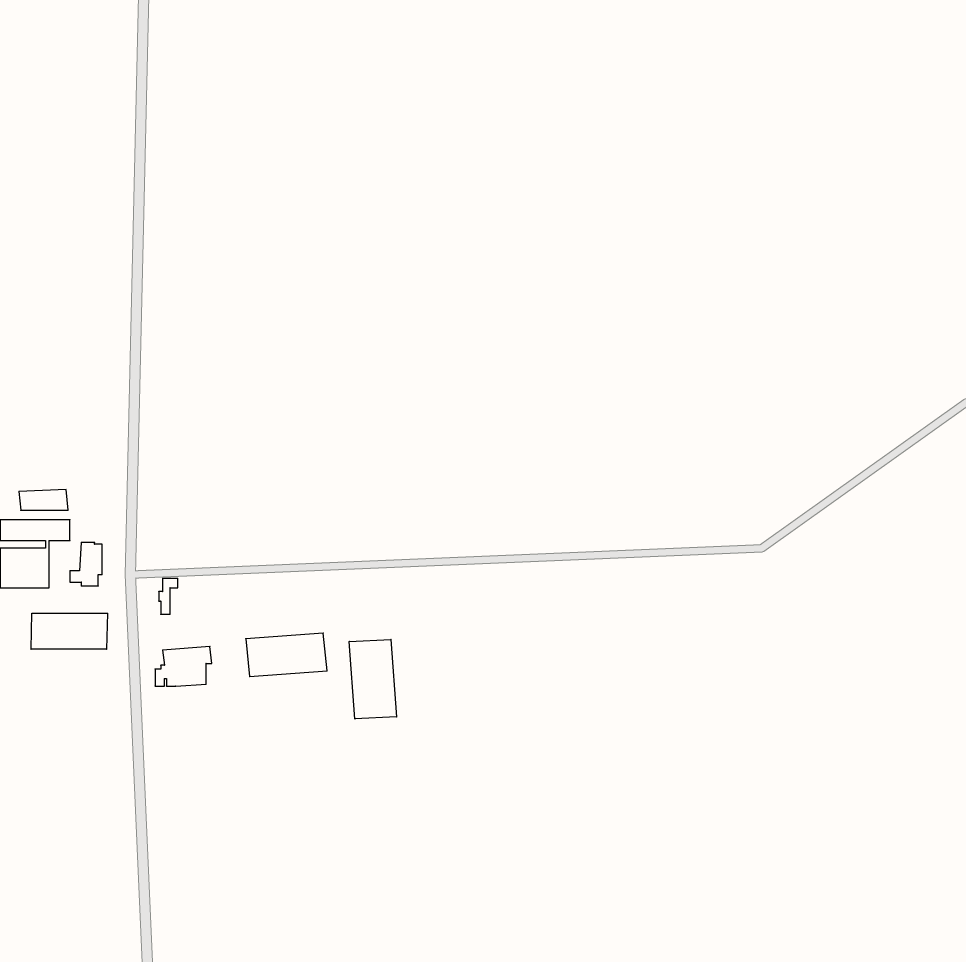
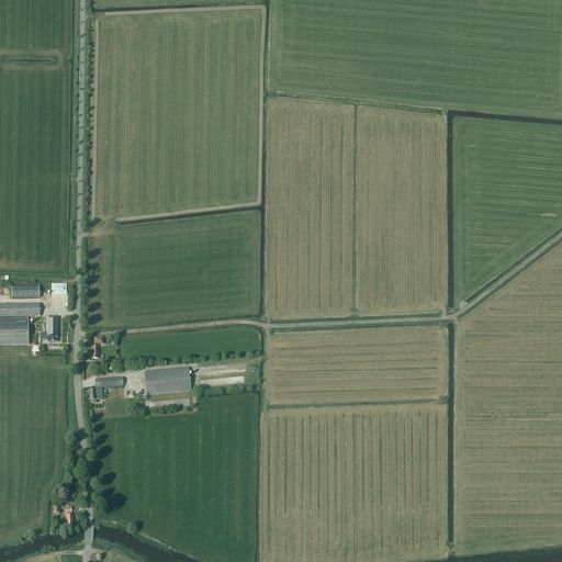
building: [31,613,108,649] -> none
building: [349,639,397,719] -> none

